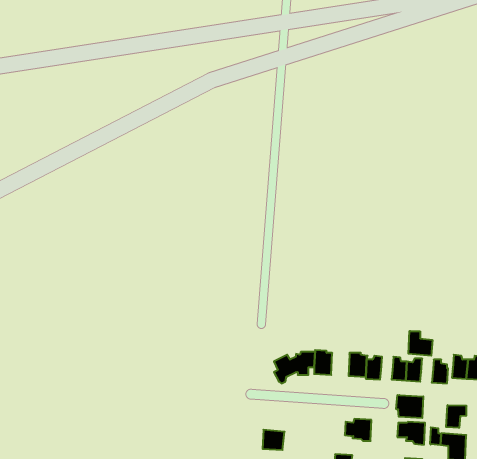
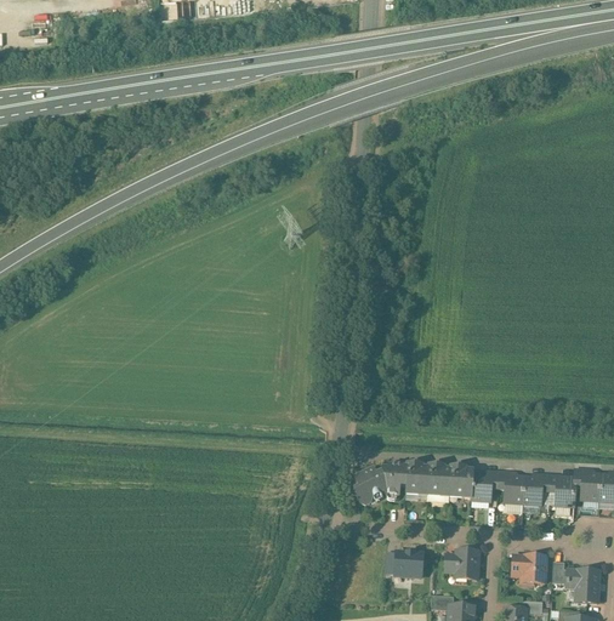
building: [408,331,432,356] -> none
building: none -> [427,465,450,496]
building: [396,395,423,418] -> none
building: [446,405,466,428] -> none
building: [263,430,285,450] -> [394,552,422,577]

